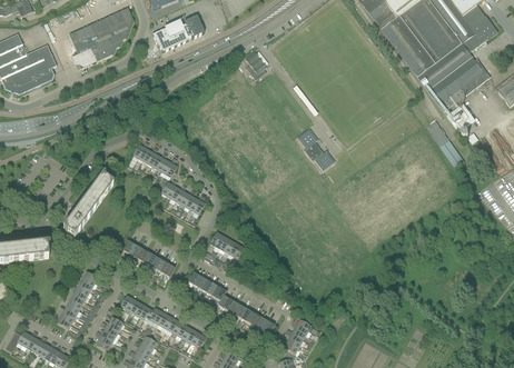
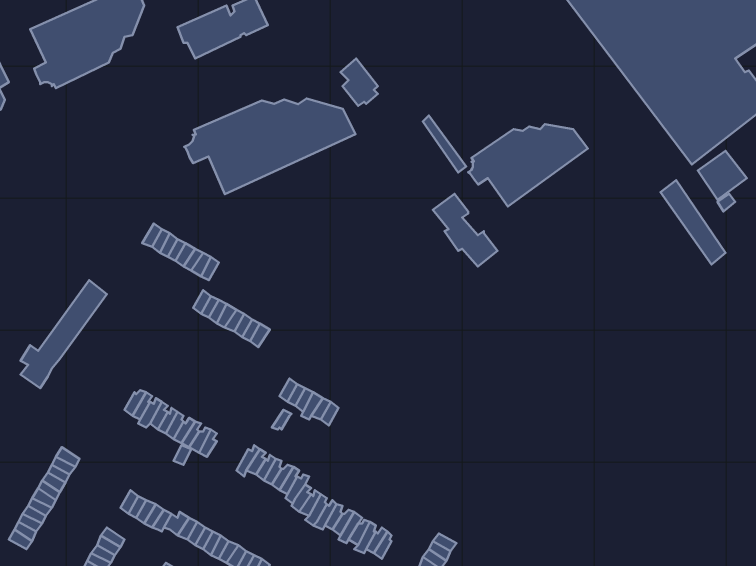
building: none -> [184,99,356,194]
building: none -> [468,124,588,207]

